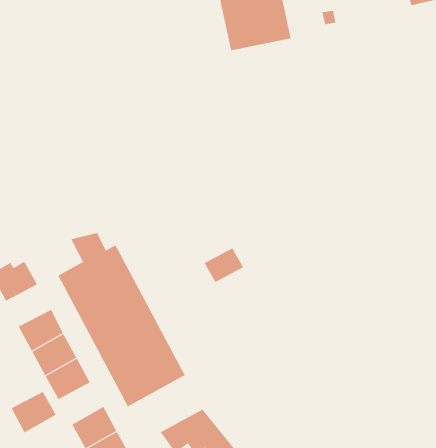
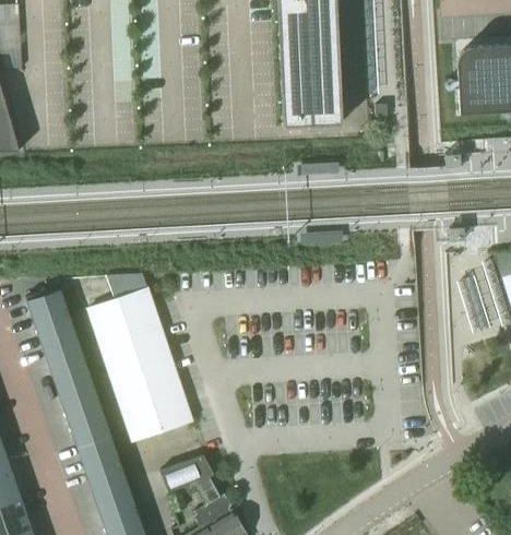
building: [204,247,244,283] -> none
building: none -> [36,314,78,350]
building: [11,391,56,433] -> [70,414,111,450]

